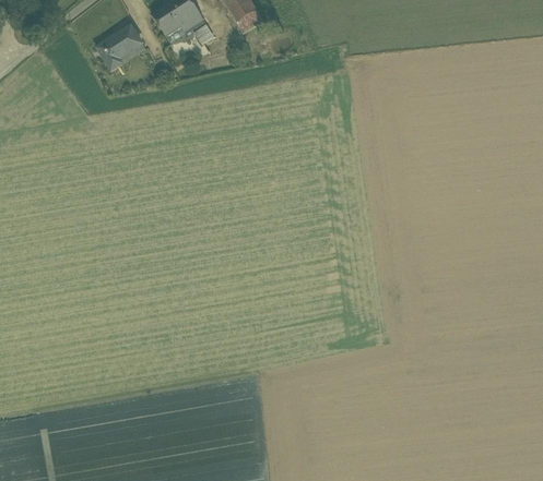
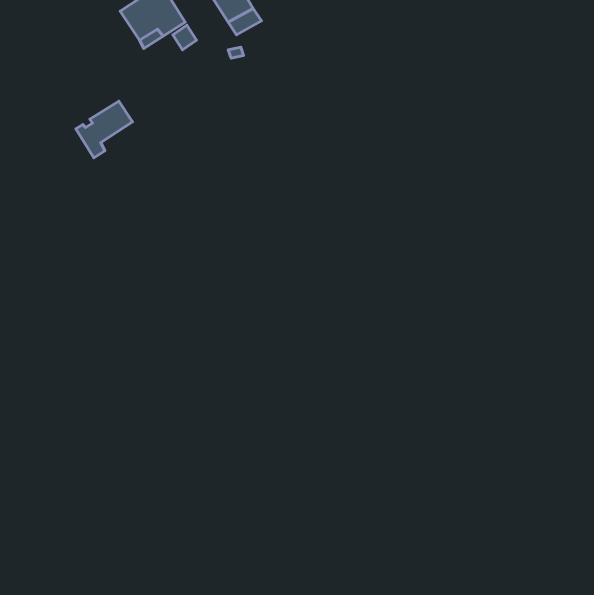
building: [96,24,141,69] -> [76,101,133,158]

